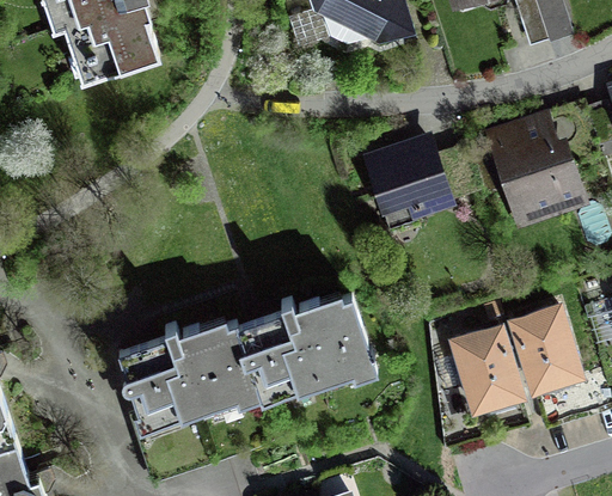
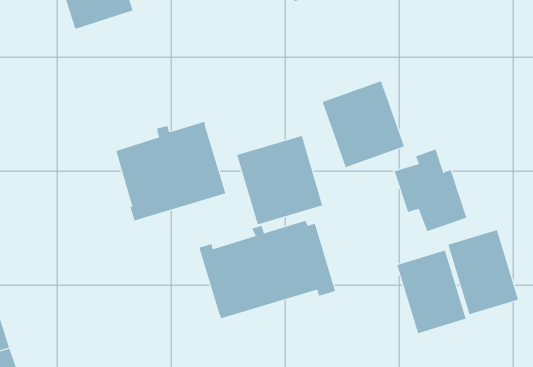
building: [496,118,579,212] -> [394,149,467,232]
building: none -> [237,135,323,225]
building: [124,317,249,429] -> [116,121,226,221]

